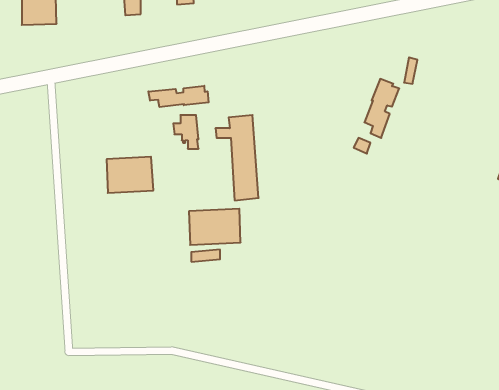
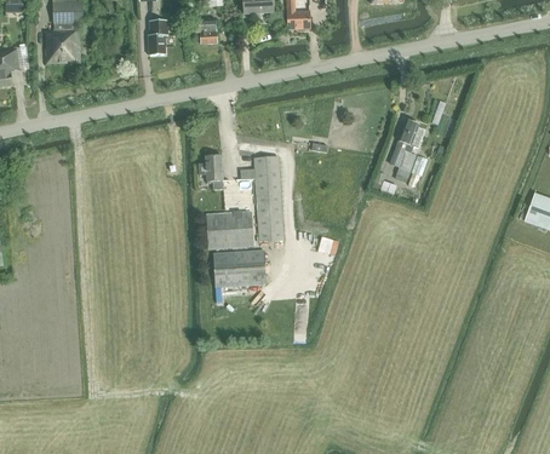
building: [148,86,209,107] -> none
building: [107,157,153,193] -> [206,211,253,247]

